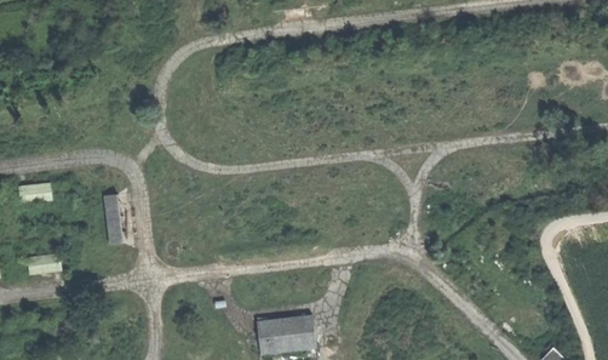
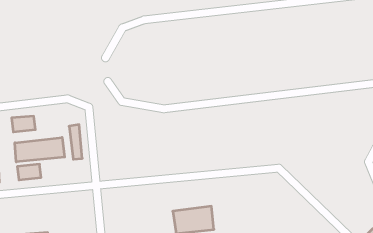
building: none -> [15,137,65,162]

